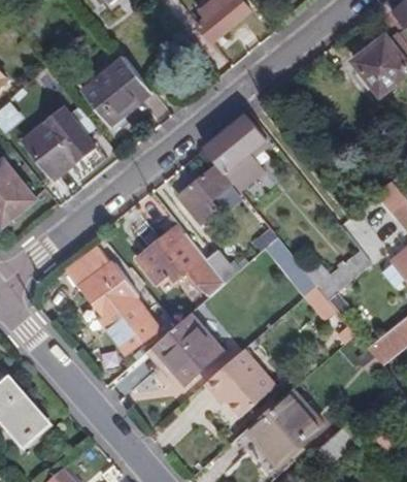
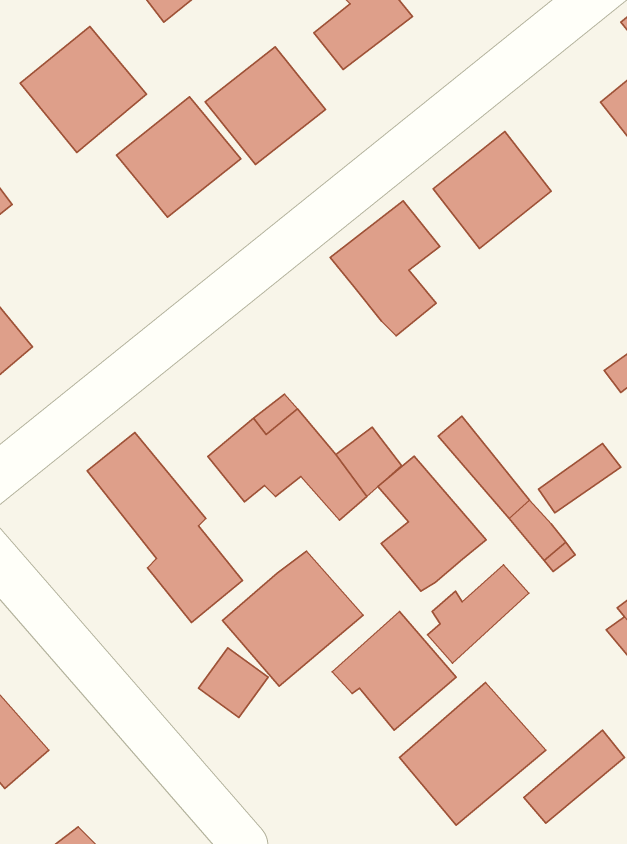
building: none -> [205,47,326,164]
building: none -> [433,132,551,248]
building: [24,106,95,178] -> [20,27,146,153]
building: [179,163,233,223] -> none
building: none -> [378,456,486,591]
building: none -> [427,565,529,663]

